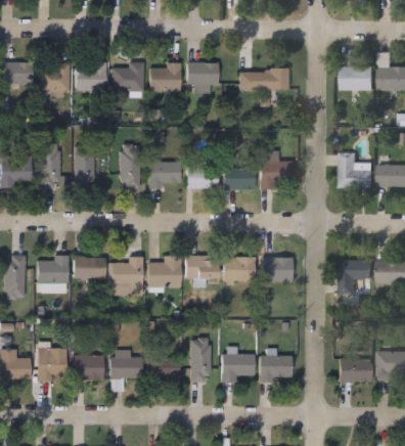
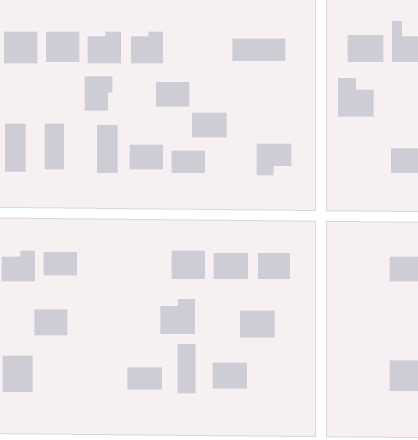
building: [186,63,217,86] -> [155,81,190,107]
building: none -> [84,76,113,111]
building: [339,153,371,188] -> [337,77,374,117]
building: [222,168,254,190] -> [191,112,227,138]
building: [112,256,141,285] -> none
building: [147,256,179,287] -> [160,298,196,335]
building: [339,260,370,296] -> none
building: [110,350,140,378] -> none
building: [73,356,103,380] -> [33,309,68,336]
building: [259,356,290,381] -> [239,310,275,338]
building: [339,360,371,383] -> none

